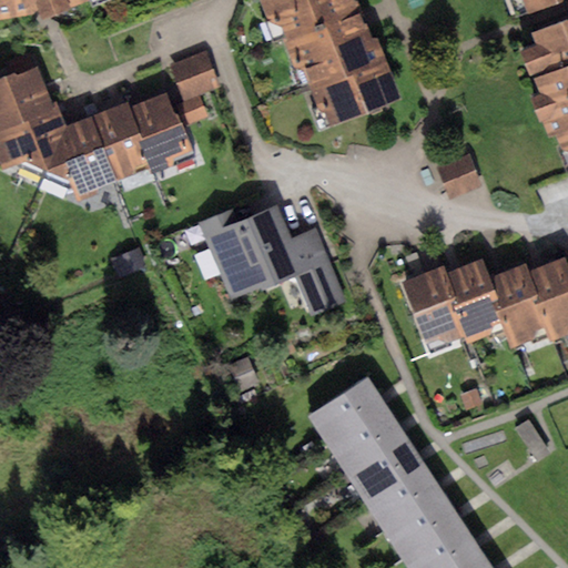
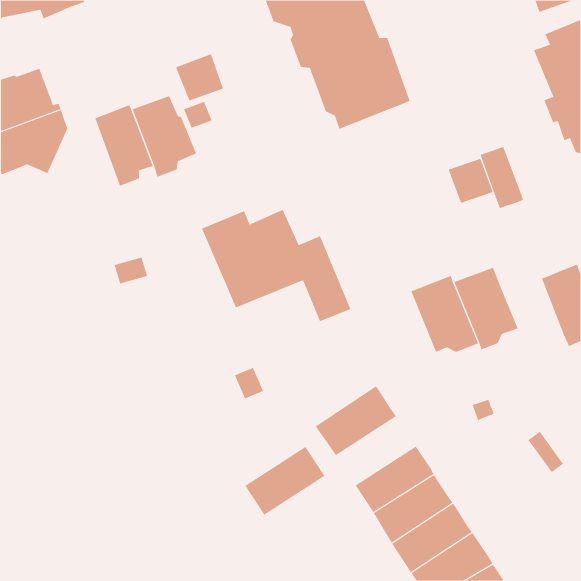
building: [47,115,116,202] -> none
building: none -> [480,146,524,209]
building: [489,266,549,346] -> none
building: [327,406,406,474] -> [244,446,325,515]

